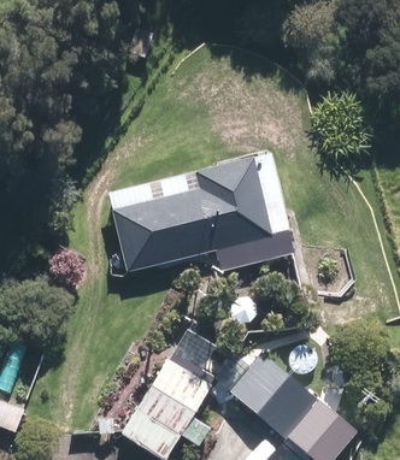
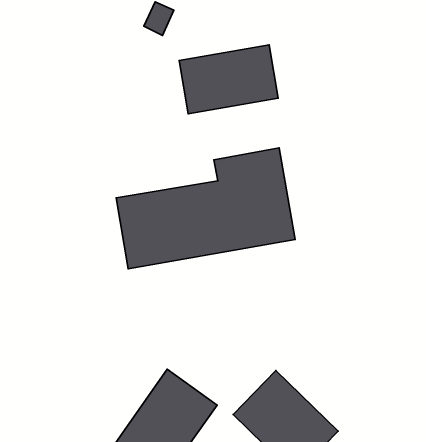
building: none -> [179,45,278,114]

